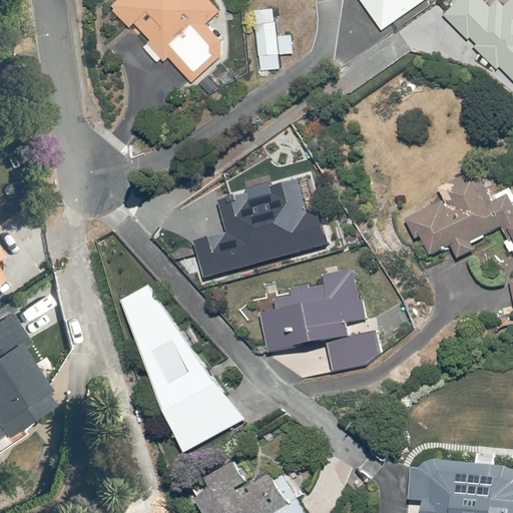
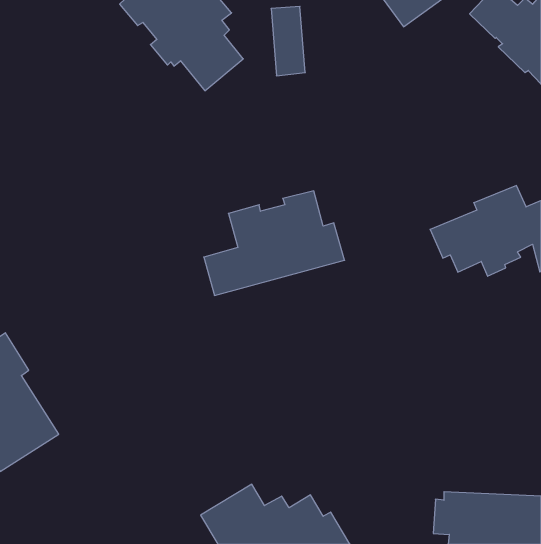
building: [260,267,385,372] -> none
building: [118,283,243,455] -> none

